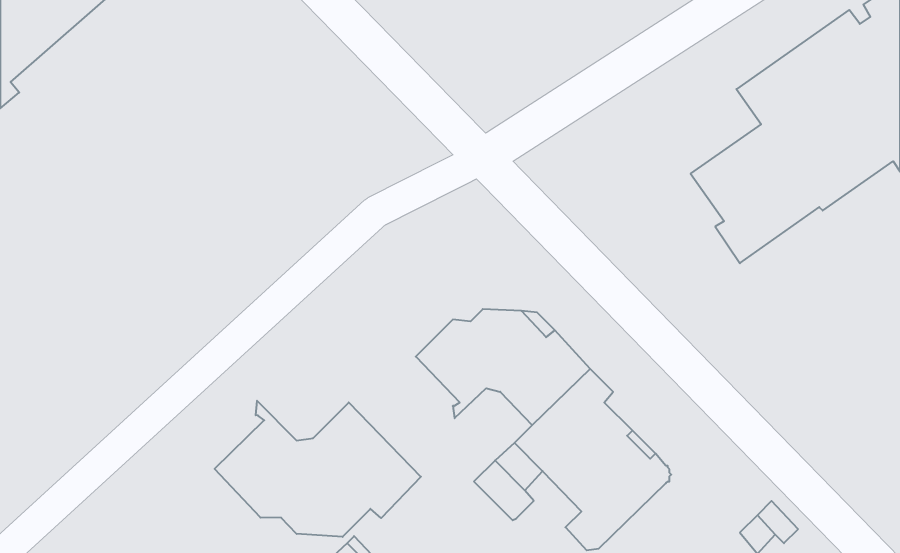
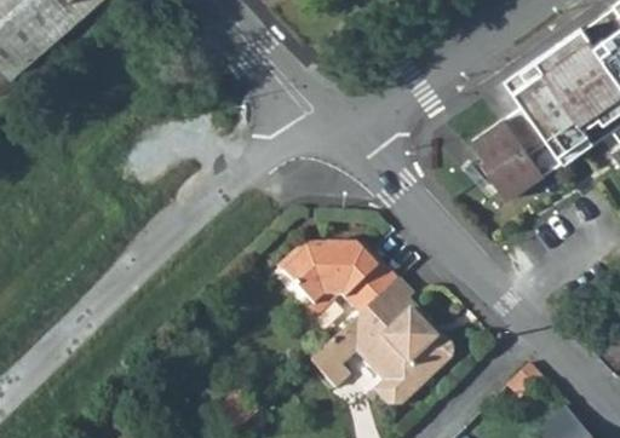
building: [215,401,421,537] -> none

